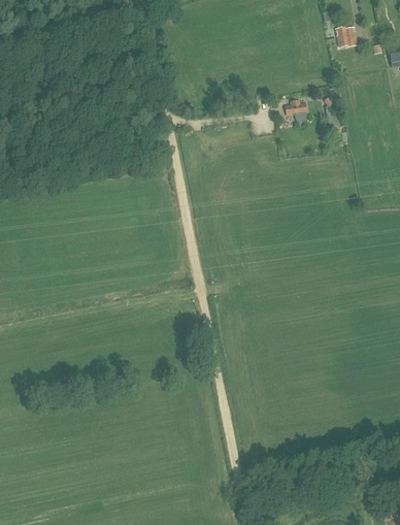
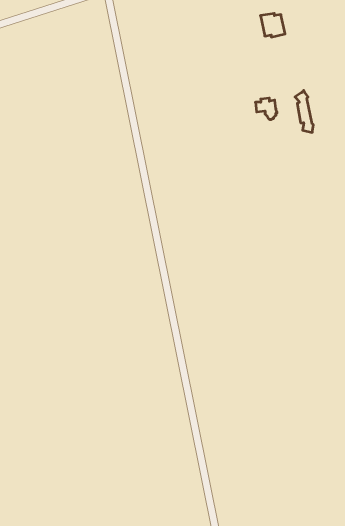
building: [334,26,358,48] -> [260,13,285,37]

